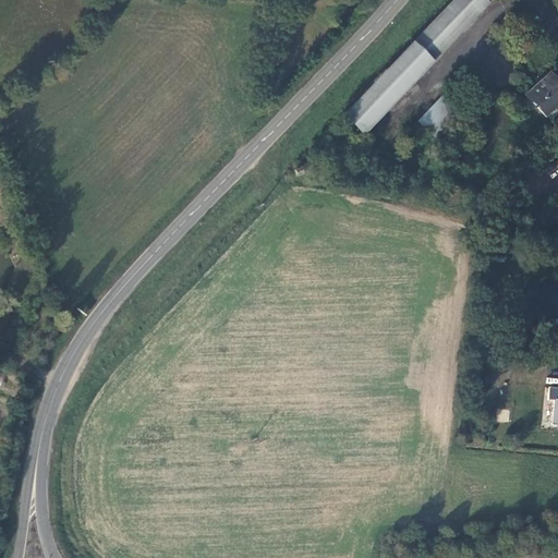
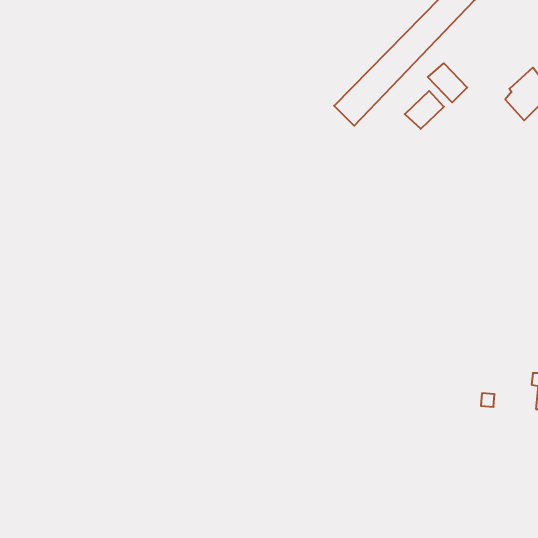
building: none -> [428,63,467,102]

